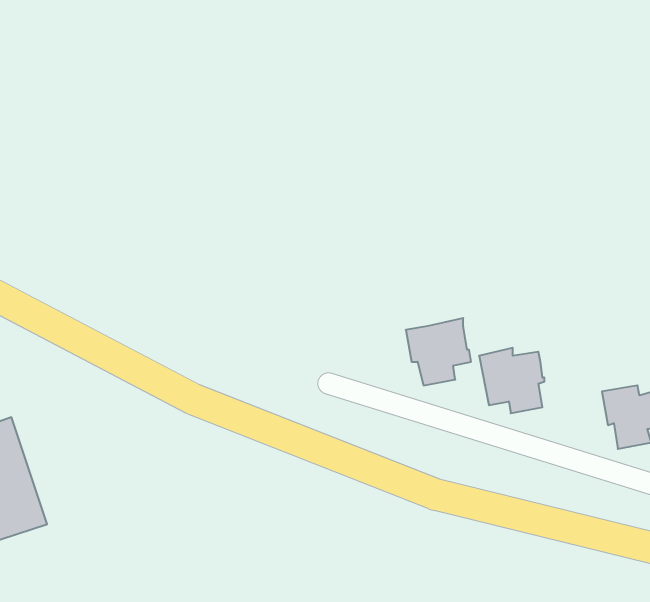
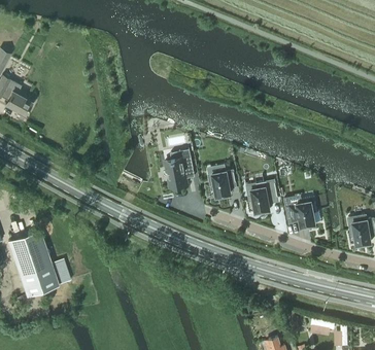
building: none -> [164,155,193,188]
building: none -> [207,170,237,197]

